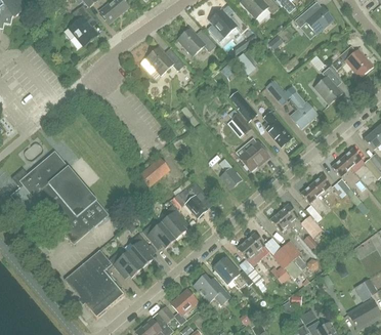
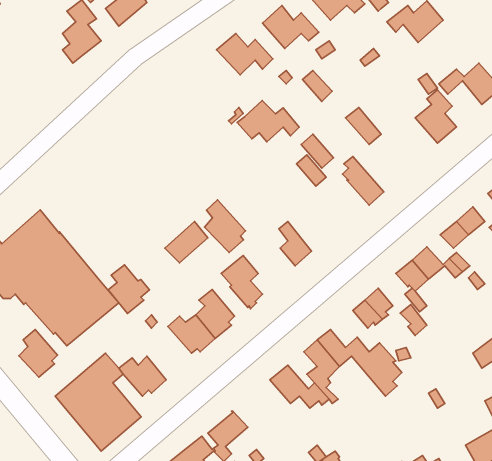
building: [140,46,183,75] -> [237,100,299,142]
building: [287,91,316,127] -> none
building: [239,141,270,170] -> none
building: none -> [205,200,245,253]
building: none -> [19,329,57,377]
building: [128,234,157,267] -> [108,265,150,314]
building: [194,276,230,303] -> none

